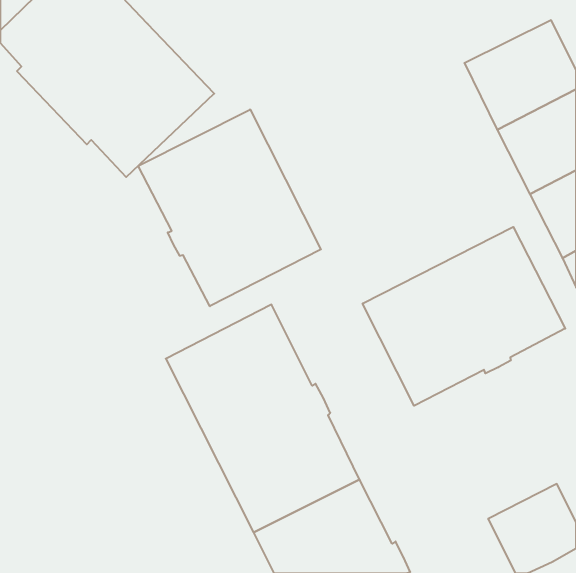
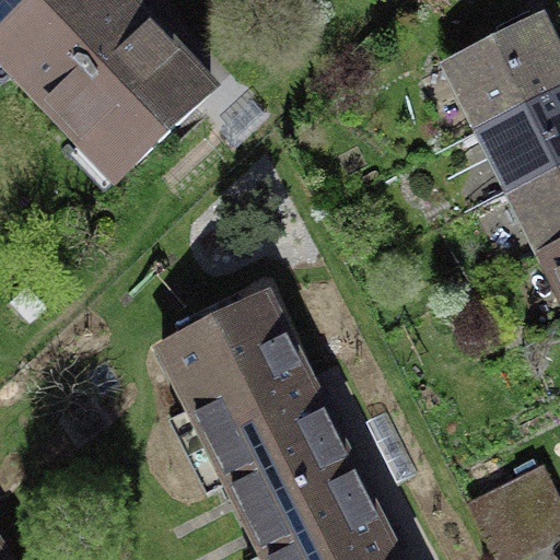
building: [138,109,321,306] -> none
building: [363,227,565,406] -> none

